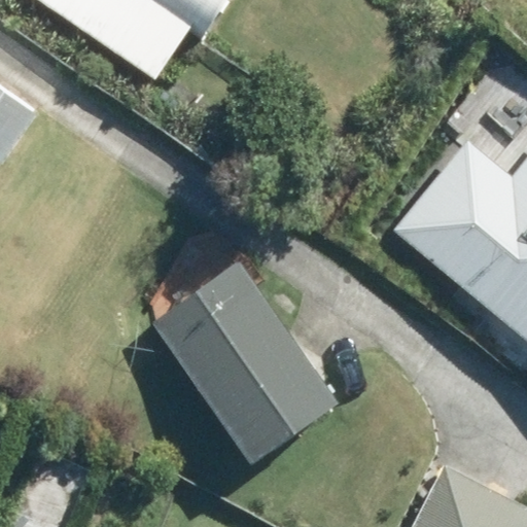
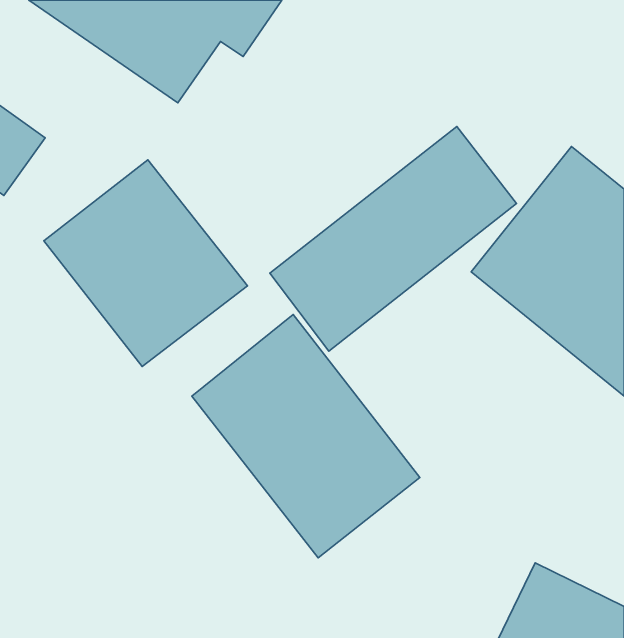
building: none -> [270,127,516,351]
building: none -> [44,160,247,367]

